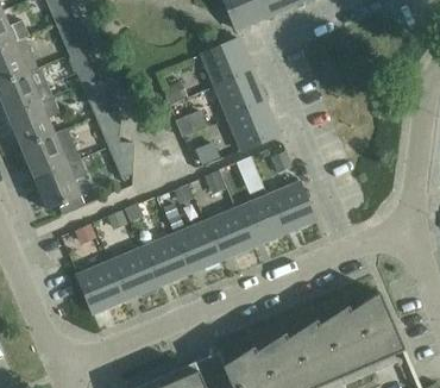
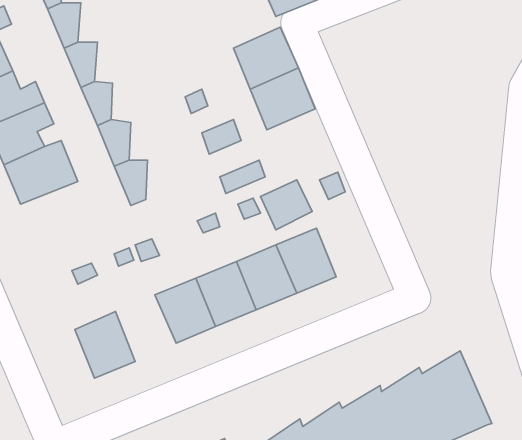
building: [227,101,278,150] -> none
building: [33,158,84,214] -> none
building: [266,181,314,233] -> none
building: [108,248,156,300] -> none

